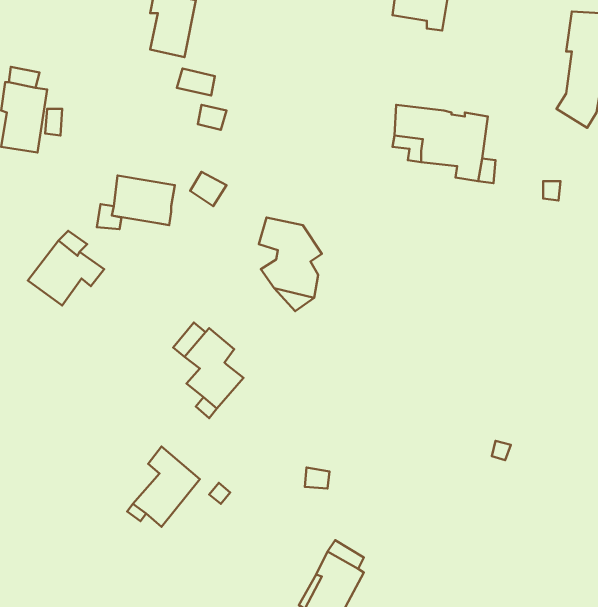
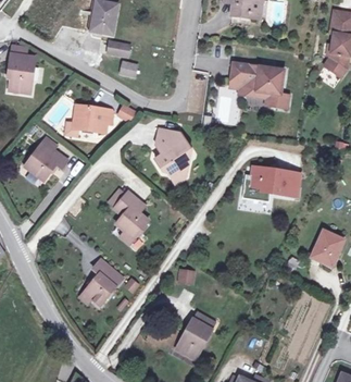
building: none -> [247,164,301,197]
building: none -> [304,229,338,267]

